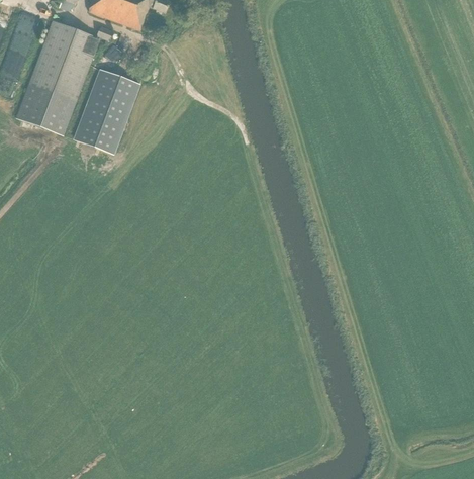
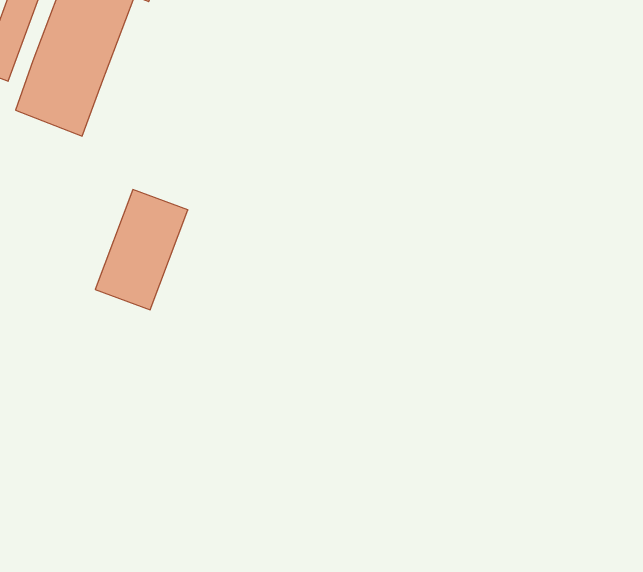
building: [74,70,138,154] -> [95,190,188,310]

